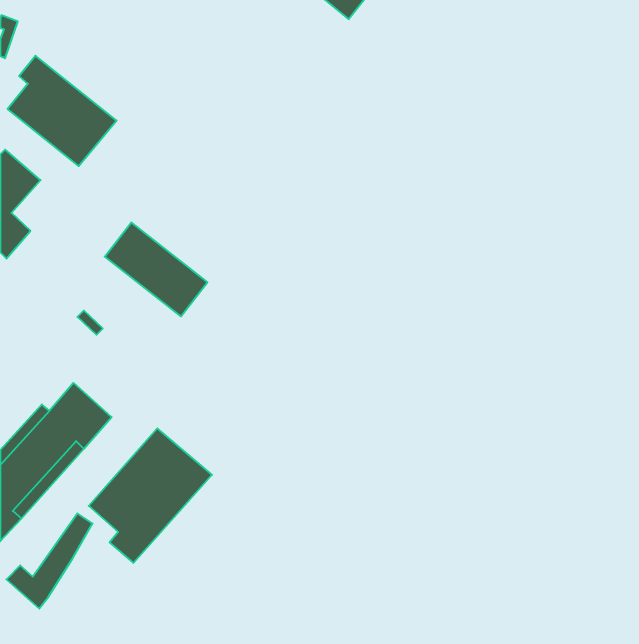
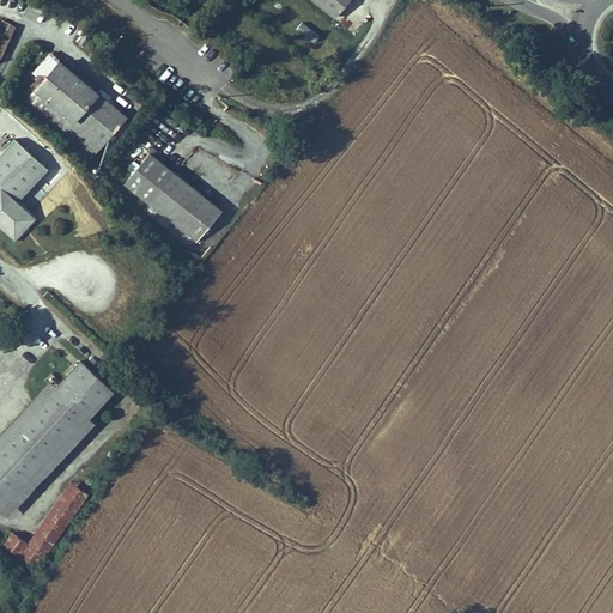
building: [105,223,207,316] -> [117,147,214,236]
building: [89,428,212,563] -> none

